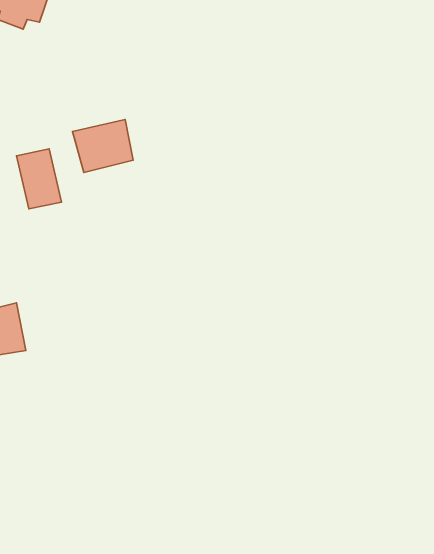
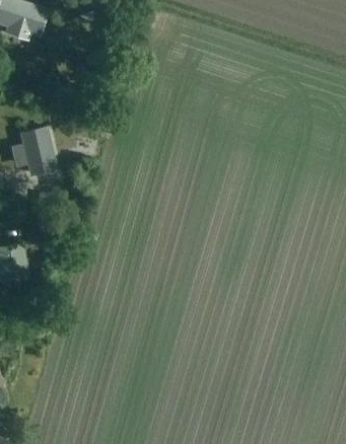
building: [72,119,133,173] -> none

